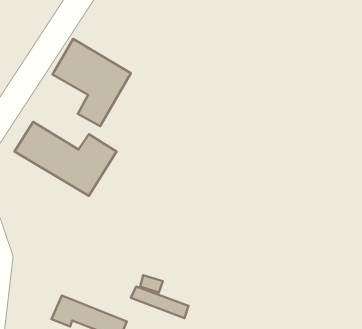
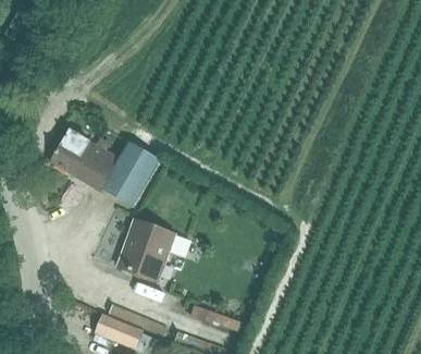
building: [53,39,131,126] -> none
building: none -> [117,219,174,280]

